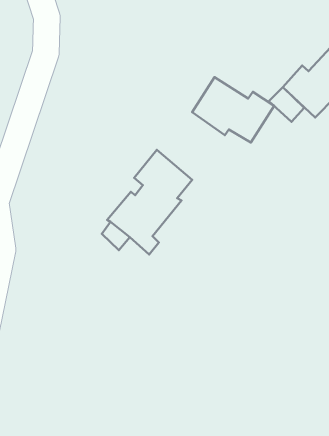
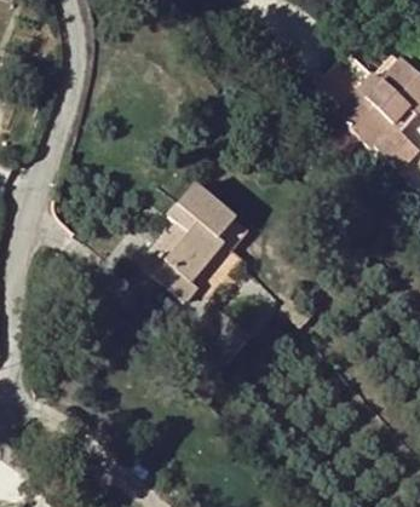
building: [192,77,274,142] -> none

